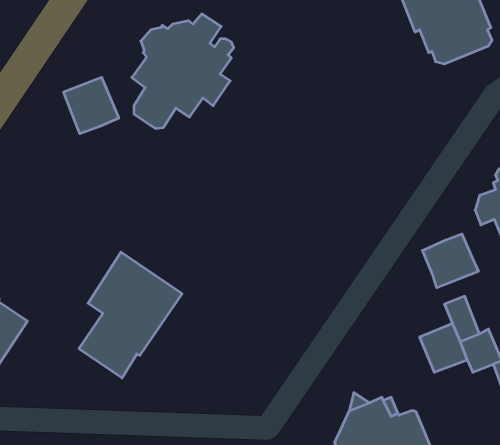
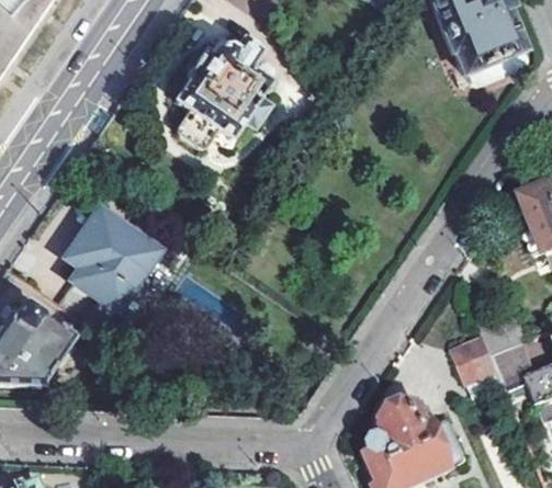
building: [64,77,119,134] -> none
building: [422,234,478,288] -> none
building: [79,252,182,378] -> [57,206,157,328]

